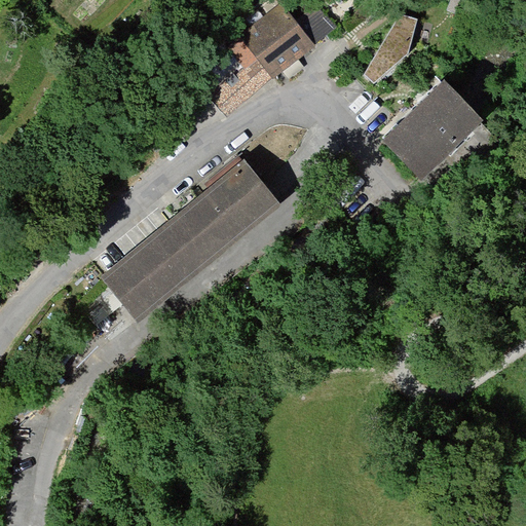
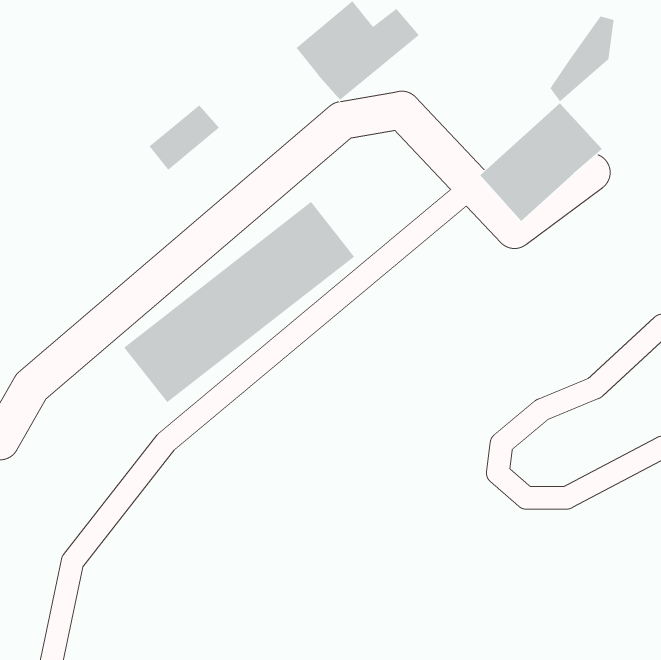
building: [365,11,416,80] -> [550,16,614,102]
building: [213,60,269,112] -> [149,105,220,171]

